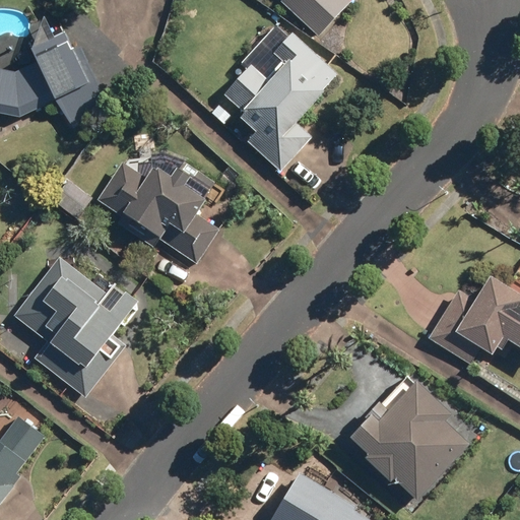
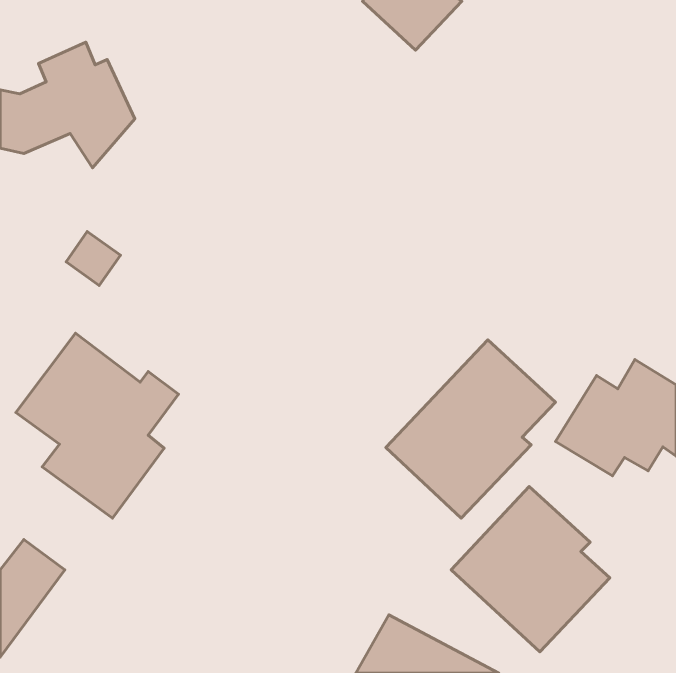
building: [223,20,340,173] -> none
building: [95,152,226,264] -> none
building: none -> [386,340,556,518]

